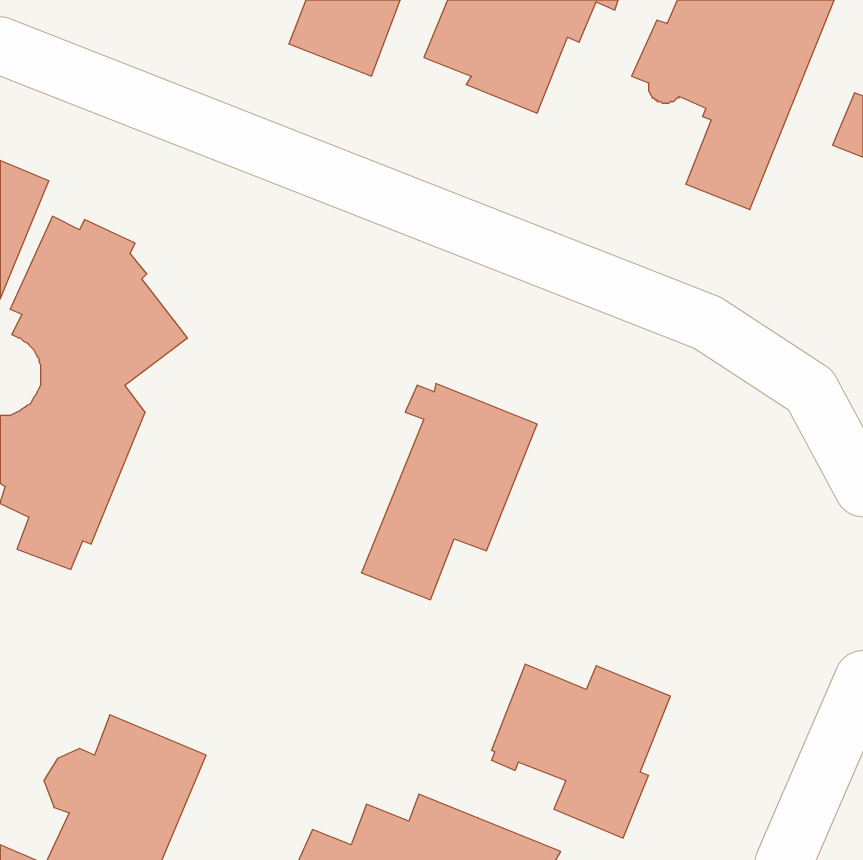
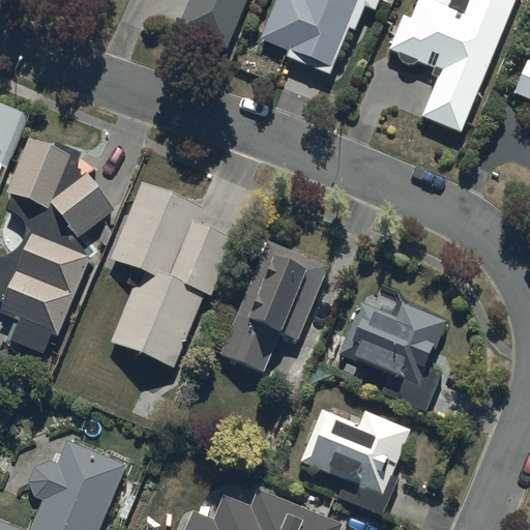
building: none -> [110,182,235,366]
building: none -> [338,302,446,411]

